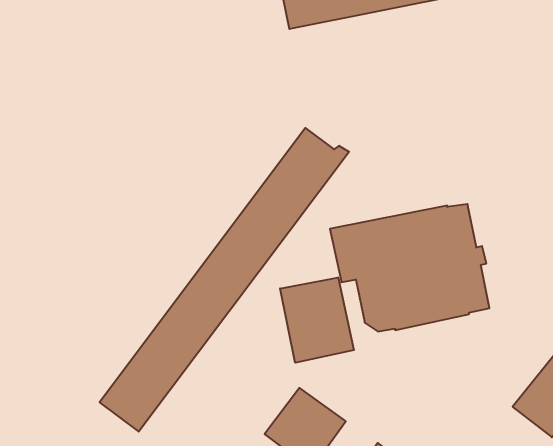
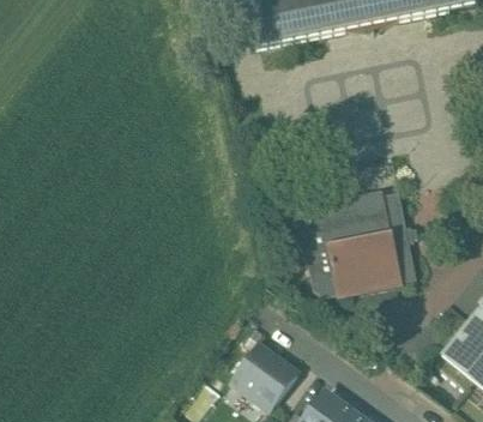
building: [100,128,349,432] -> none
building: [280,277,354,363] -> none

